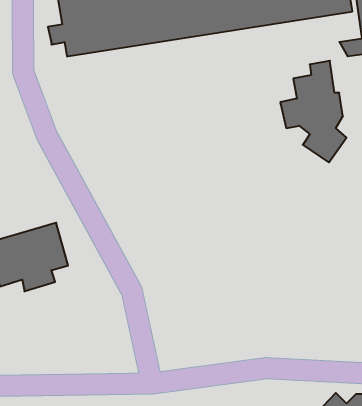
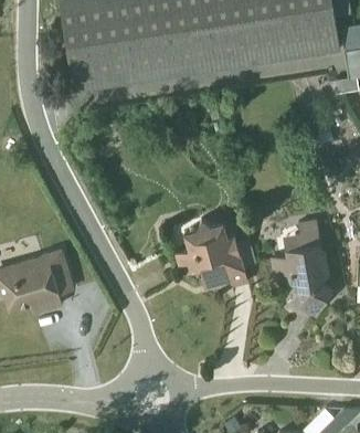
building: [280,61,346,162] -> [272,221,333,316]
building: none -> [176,221,248,289]

